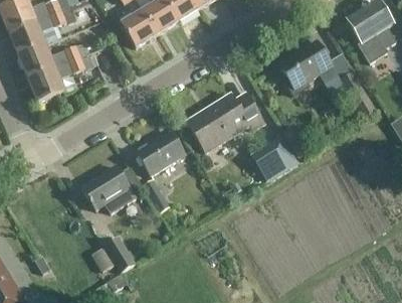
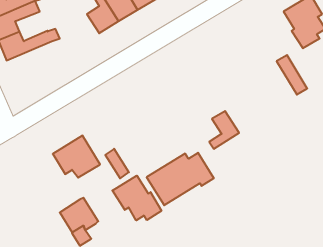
building: [278,40,333,95] -> none
building: [29,52,98,101] -> none
building: [187,93,264,153] -> [147,153,214,205]
building: [136,132,185,176] -> none
building: none -> [112,176,161,220]

